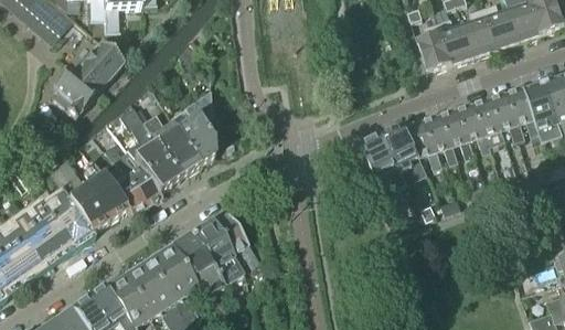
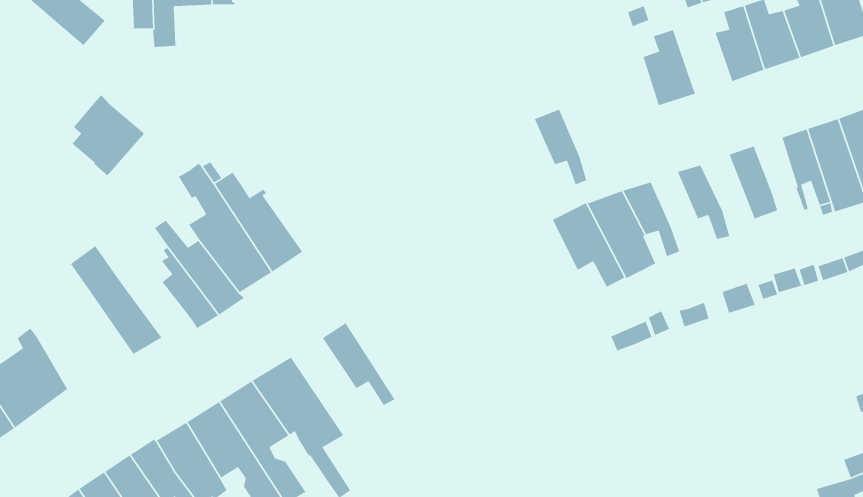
building: [438,19,476,65] -> none
building: [75,41,124,91] -> none
building: [170,93,214,167] -> none
building: [490,93,522,142] -> none
building: [456,104,492,153] -> none
building: [424,115,458,164] -> [534,108,587,186]
building: [82,161,128,222] -> none
building: [29,193,90,255] -> none
building: [192,221,246,285] -> none

